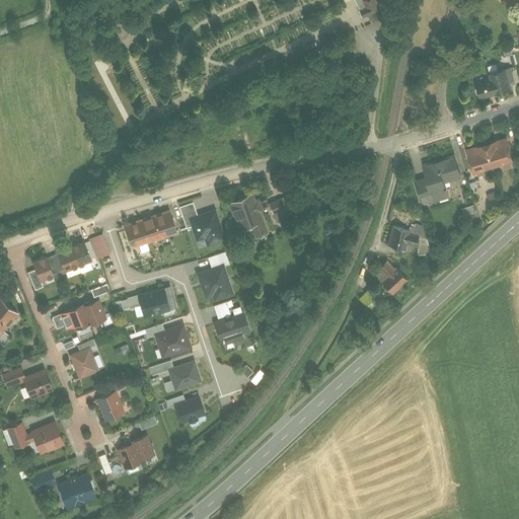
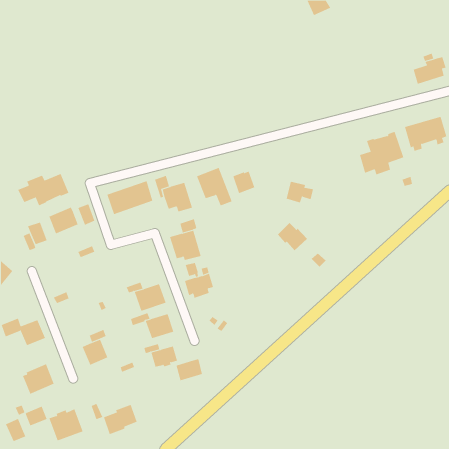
building: none -> [18,173,69,206]
building: [386,227,419,252] -> [286,181,314,203]
building: [372,262,407,295] -> [277,222,308,251]
building: [139,287,176,317] -> none
building: [65,299,106,330] -> none
building: [71,346,102,380] -> none
building: none -> [176,359,203,381]
building: [6,422,30,449] -> [5,418,26,442]
building: [116,434,155,469] -> [103,404,137,435]

